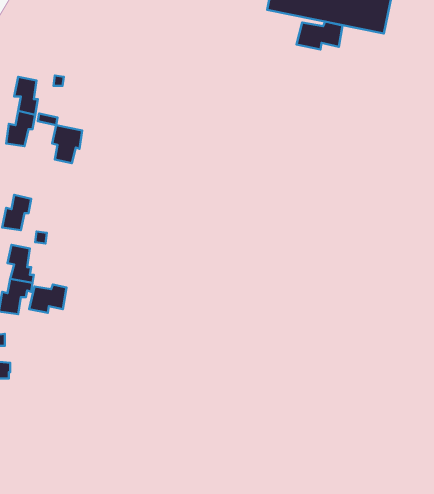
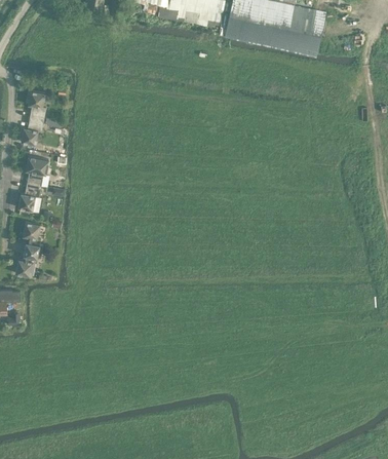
building: [296,22,343,50] -> none
building: [52,125,82,163] -> [25,154,48,184]
building: [29,284,67,313] -> none

